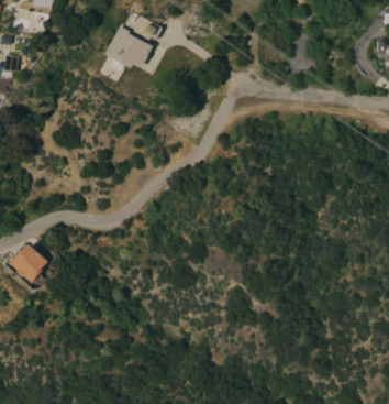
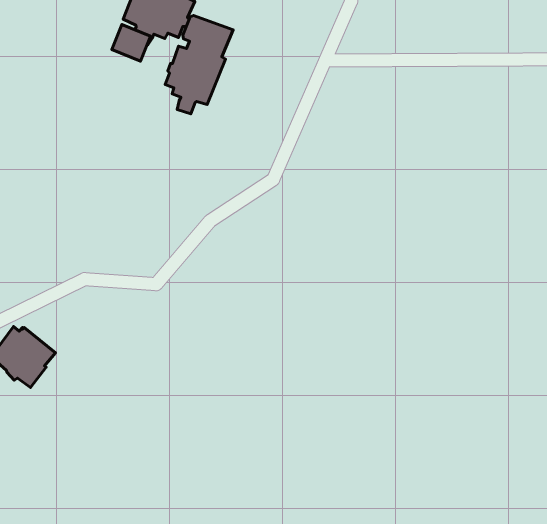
building: none -> [165,15,233,114]

